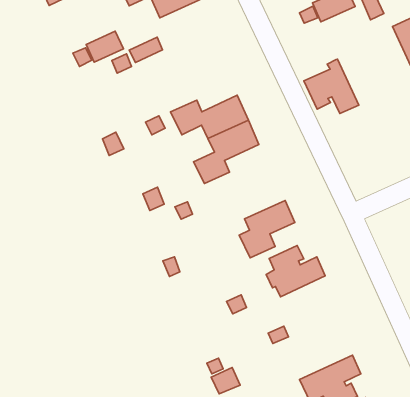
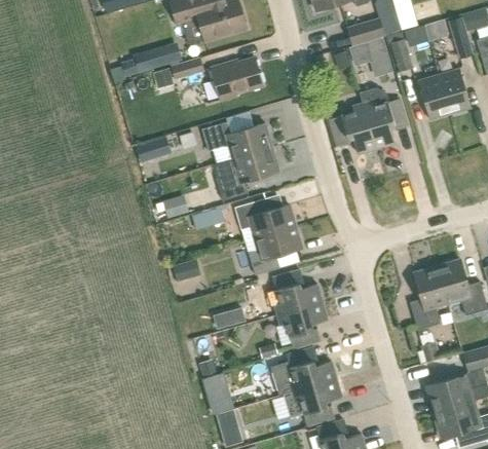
building: none -> [211,57,263,100]
building: none -> [359,87,407,148]
building: none -> [234,199,295,237]
building: none -> [277,301,328,347]
building: none -> [271,347,336,394]

